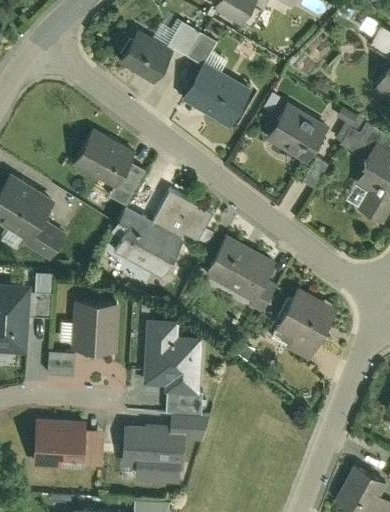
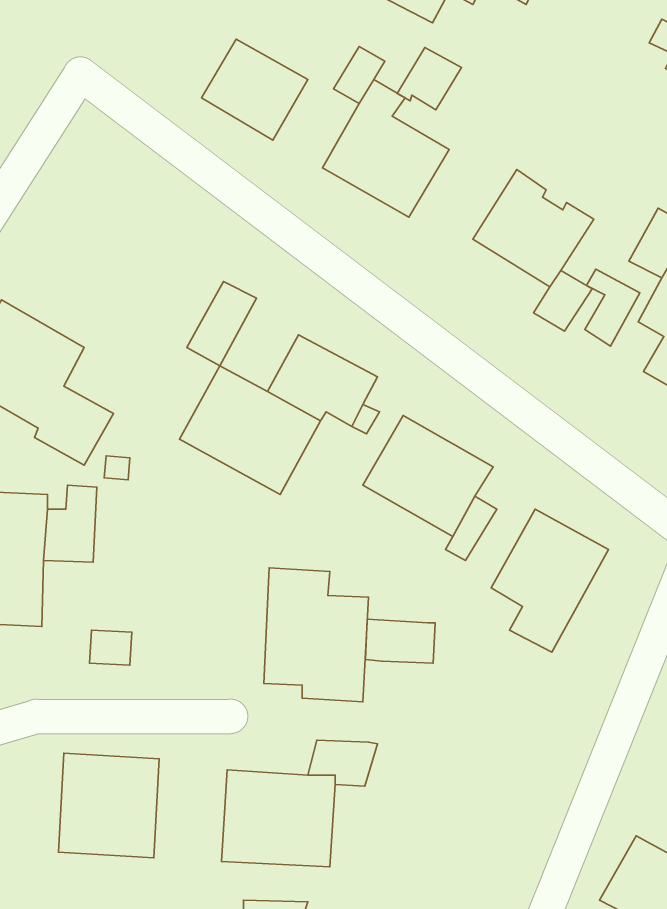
building: [166,23,201,57] -> [397,47,461,110]
building: [334,109,364,151] -> [585,269,640,346]
building: [71,129,132,187] -> none
building: [77,300,124,351] -> none
building: [169,389,207,413] -> [365,619,435,663]

